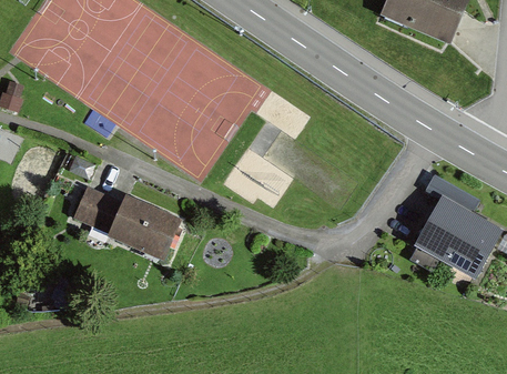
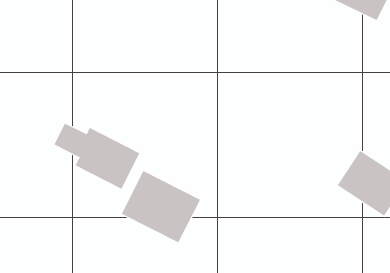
building: none -> [121,170,201,243]

